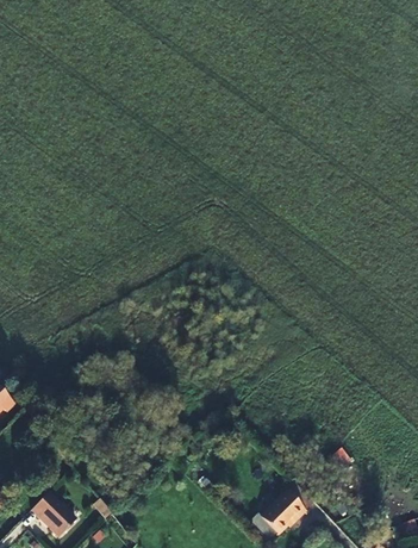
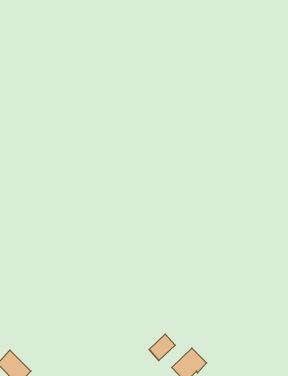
building: none -> [149,334,175,361]

